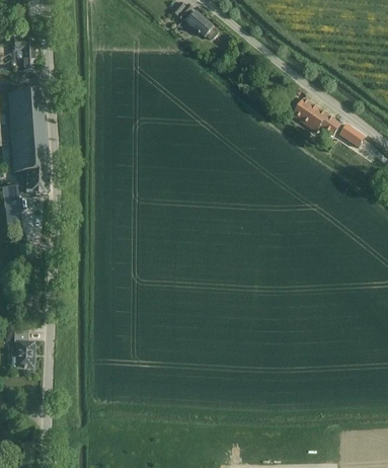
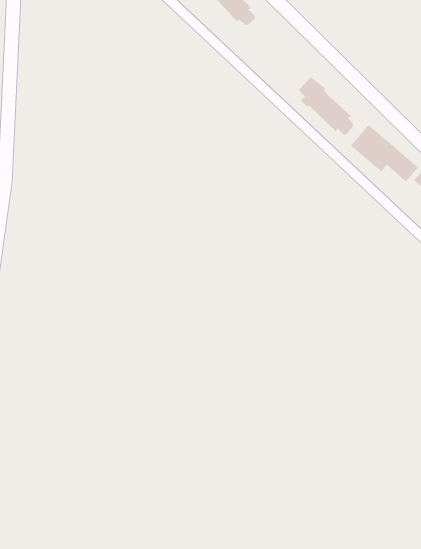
building: none -> [298,76,354,136]

